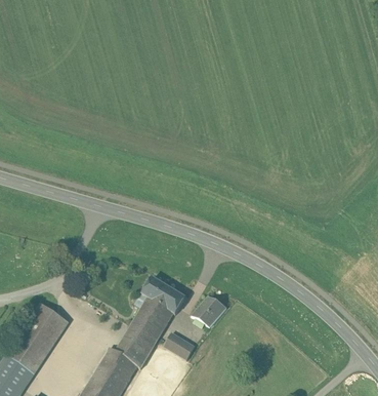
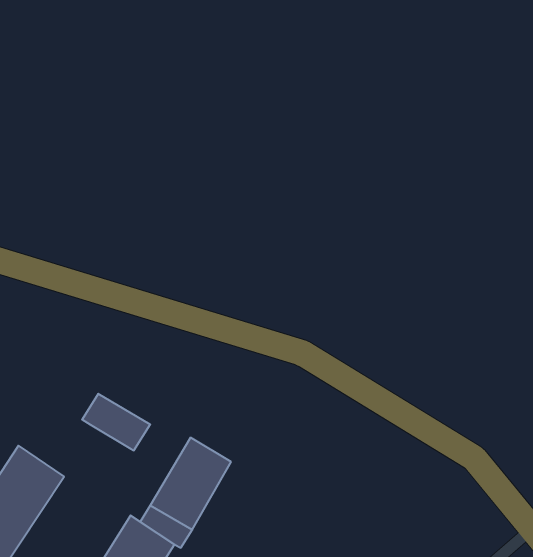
building: [142,279,185,315] -> [82,394,150,450]
building: [191,298,226,328] -> none
building: [164,333,195,360] -> none

